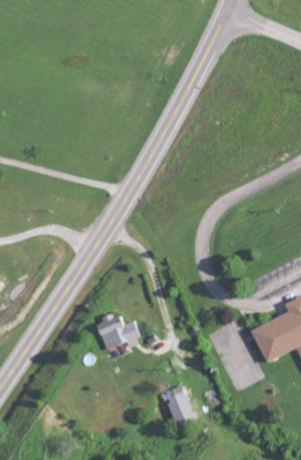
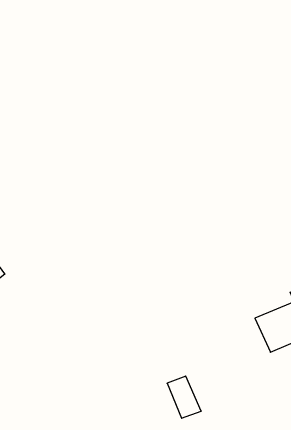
building: [97,316,145,351] -> none

